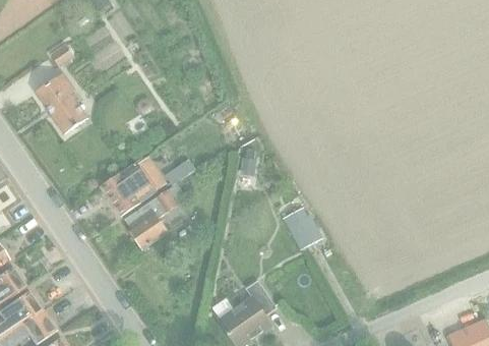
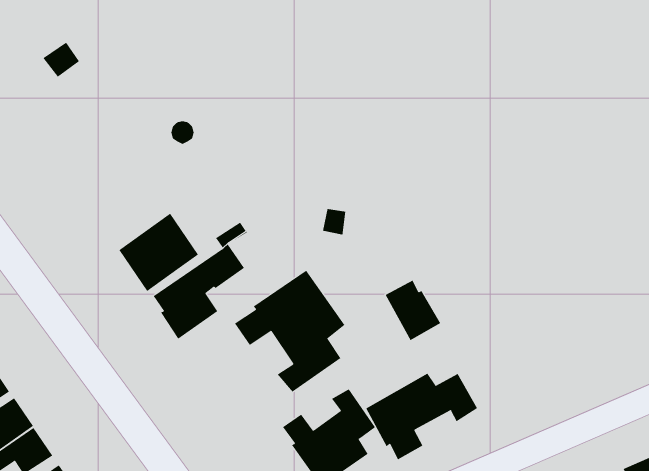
building: [34,70,87,131] -> none
building: none -> [234,270,345,393]
building: none -> [366,373,478,460]

